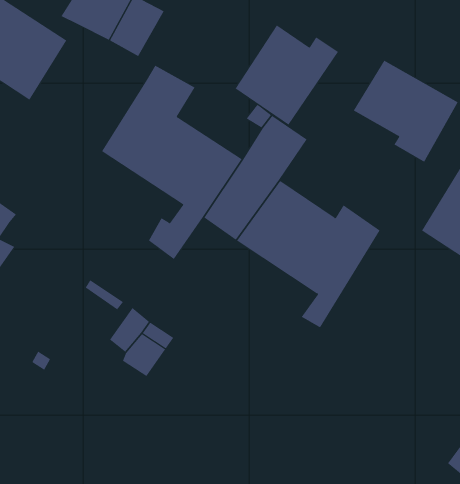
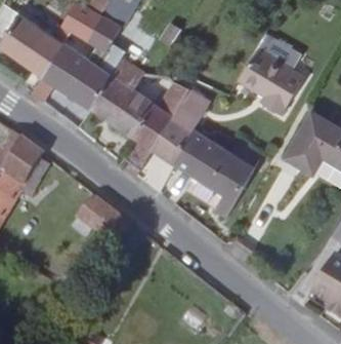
building: [235,25,339,125] -> none
building: none -> [30,36,114,106]

